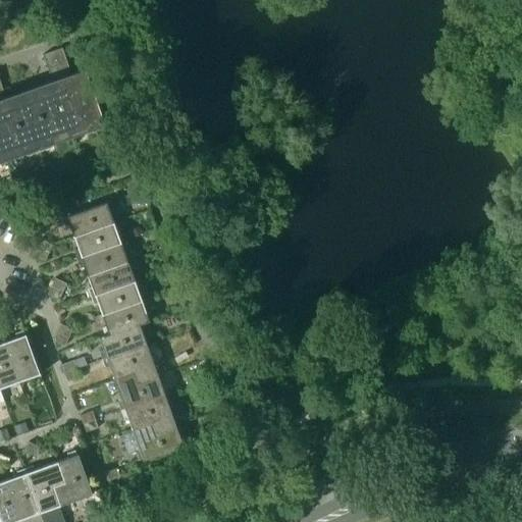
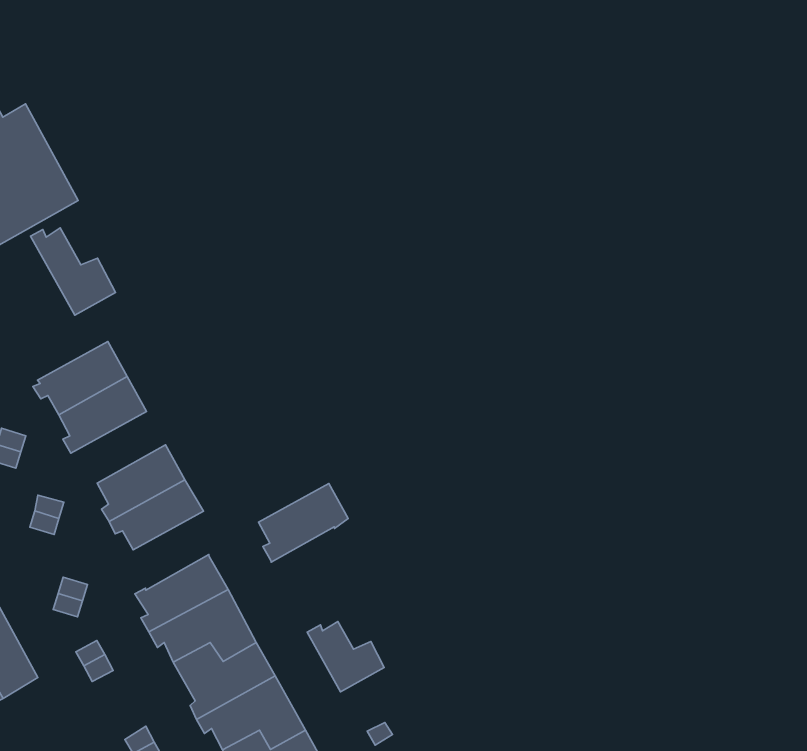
building: none -> [30,228,116,315]
building: [77,244,128,277] -> none
building: [102,302,150,338] -> [259,483,348,562]
building: none -> [307,621,384,692]

